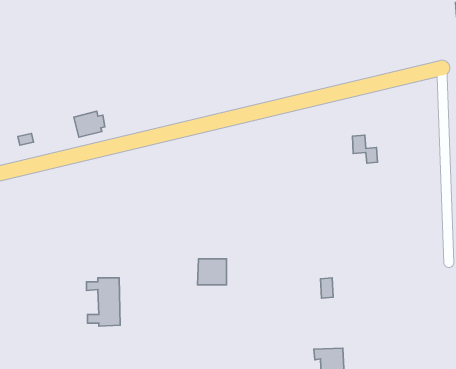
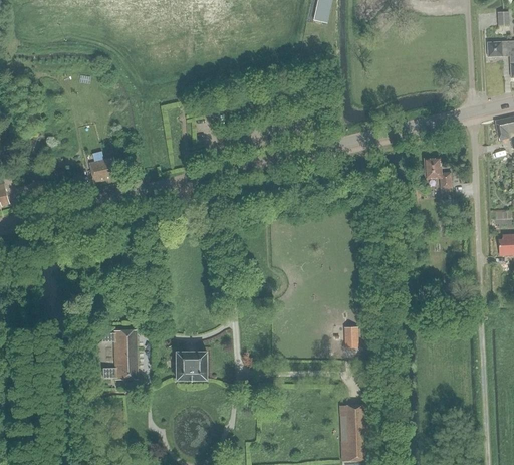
building: [352,135,377,163] -> [425,158,451,187]
building: [197,259,226,285] -> [176,352,206,379]

